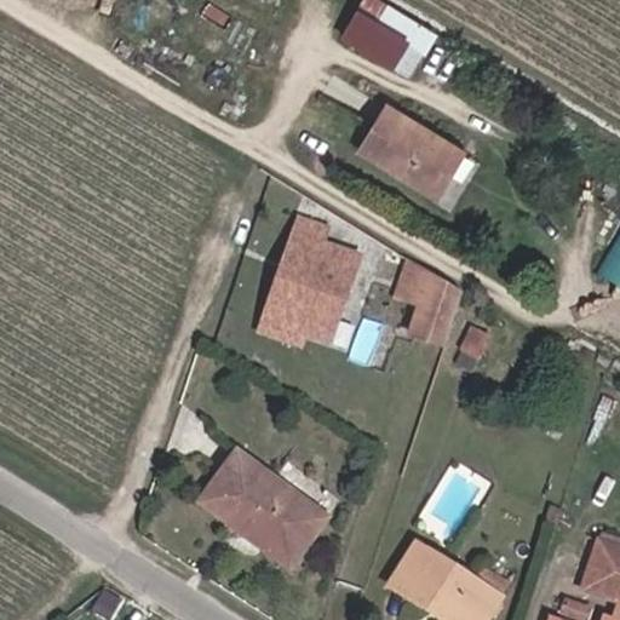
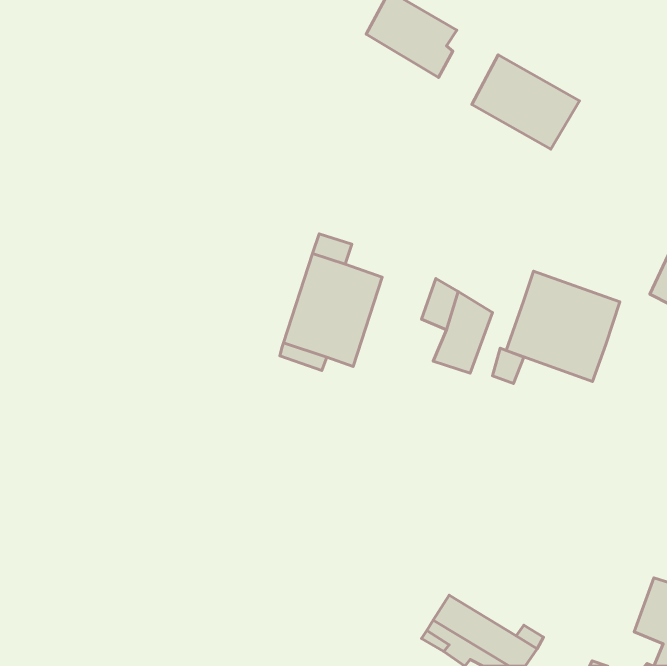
building: [361,108,460,195] -> [472,55,580,149]
building: none -> [506,271,620,381]
building: [201,454,325,557] -> none

